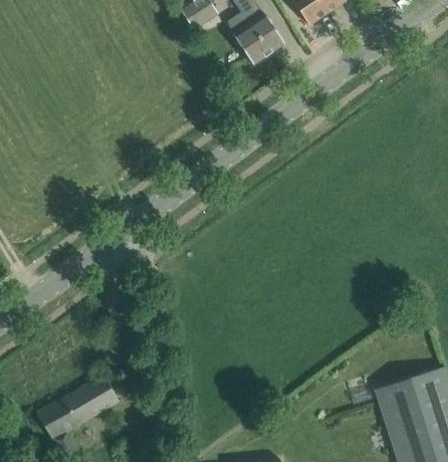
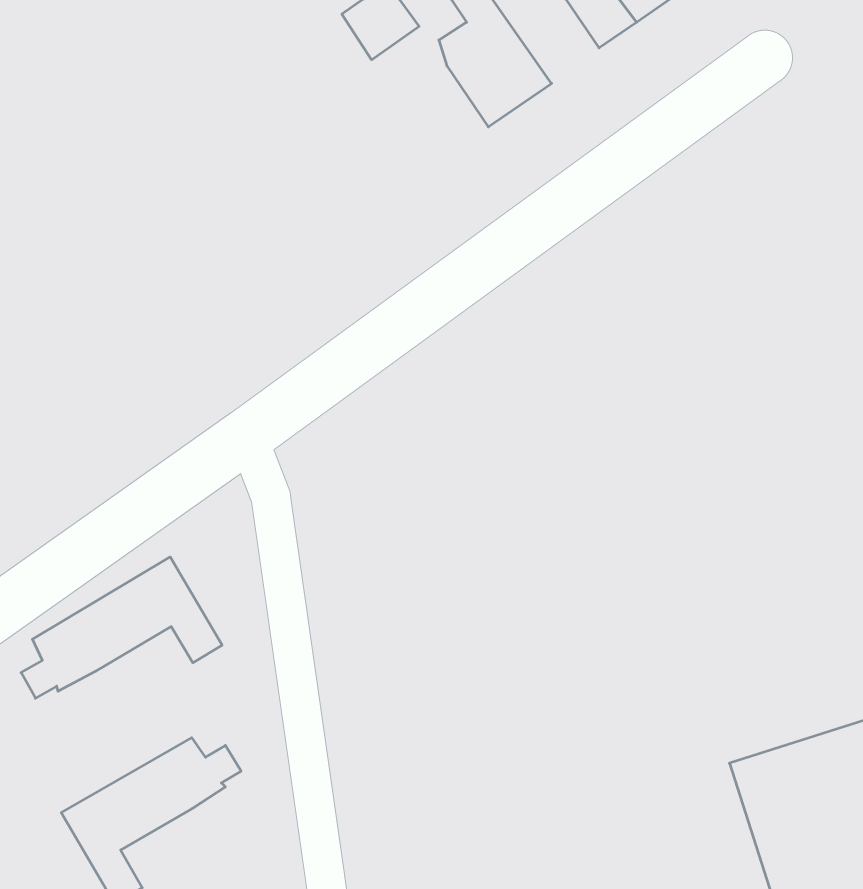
building: none -> [21,557,222,698]

